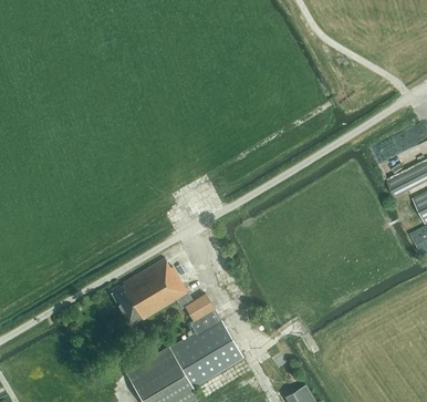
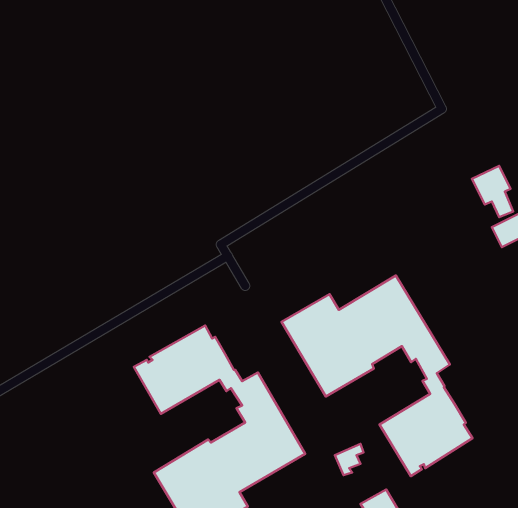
building: none -> [282,275,472,476]

